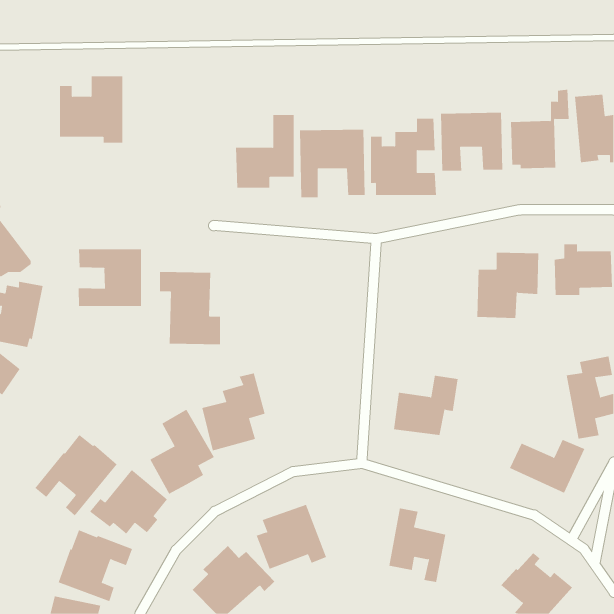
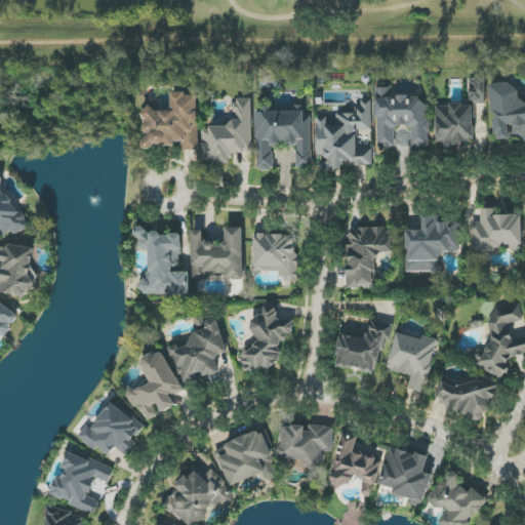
building: [59,76,123,143] -> [143,91,197,149]
building: [78,248,142,307] -> none
building: none -> [191,226,242,278]
building: none -> [345,227,391,285]
building: none -> [252,233,295,278]
building: none -> [240,306,292,368]
building: none -> [386,331,436,391]
building: [35,434,118,516] -> none
building: none -> [279,423,332,460]
building: none -> [377,445,431,506]

